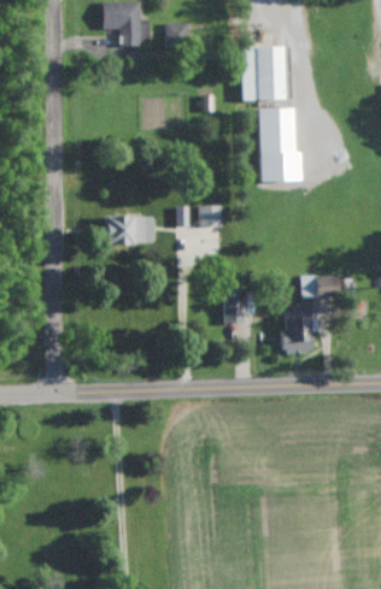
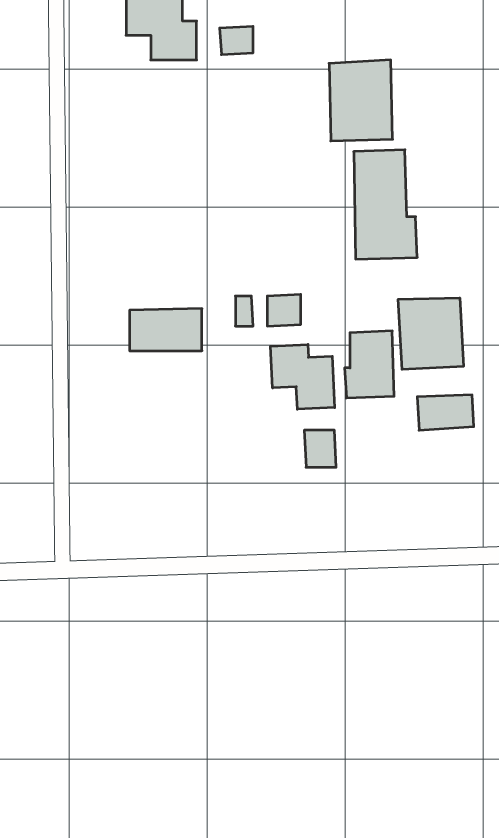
building: none -> [398,298,463,369]
building: none -> [271,344,335,409]
building: [282,307,316,353] -> [345,331,394,398]

